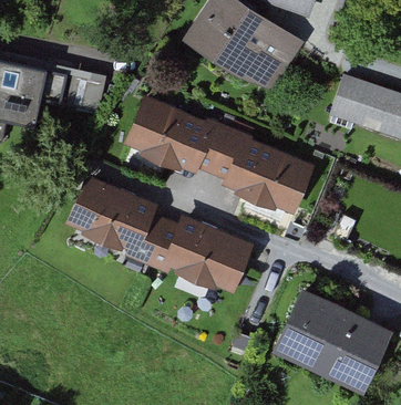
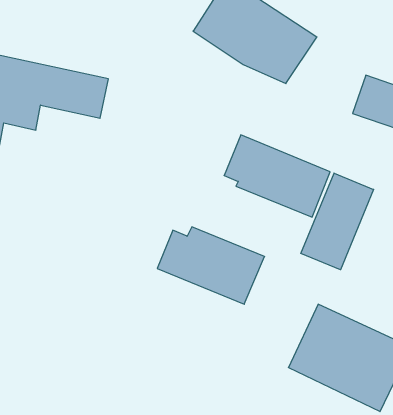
building: [127,98,228,170] -> none
building: none -> [301,173,374,270]
building: [70,178,165,257] -> none

